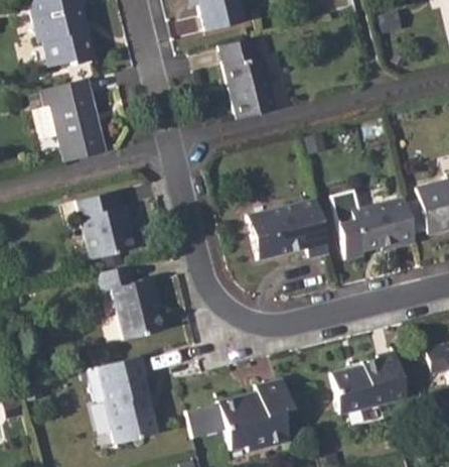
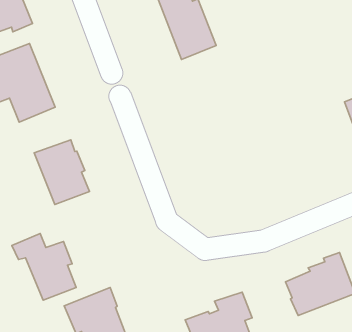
building: [328,187,412,255] -> none
building: [246,199,328,260] -> none
building: [97,265,160,338] -> [12,233,76,300]

